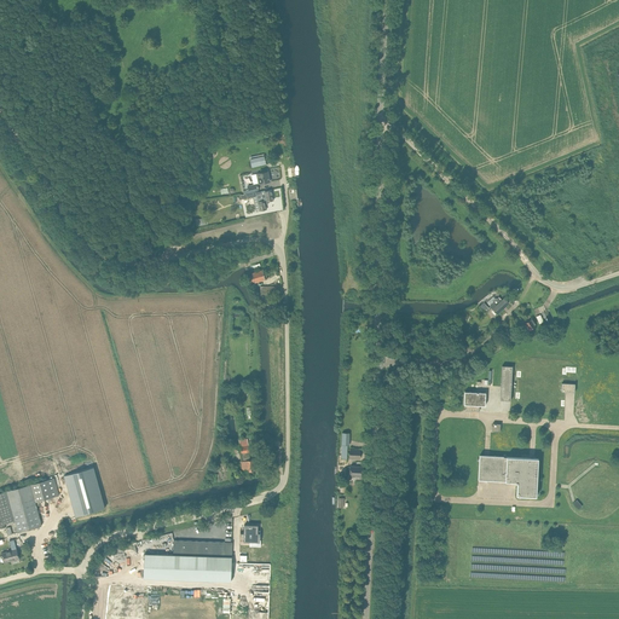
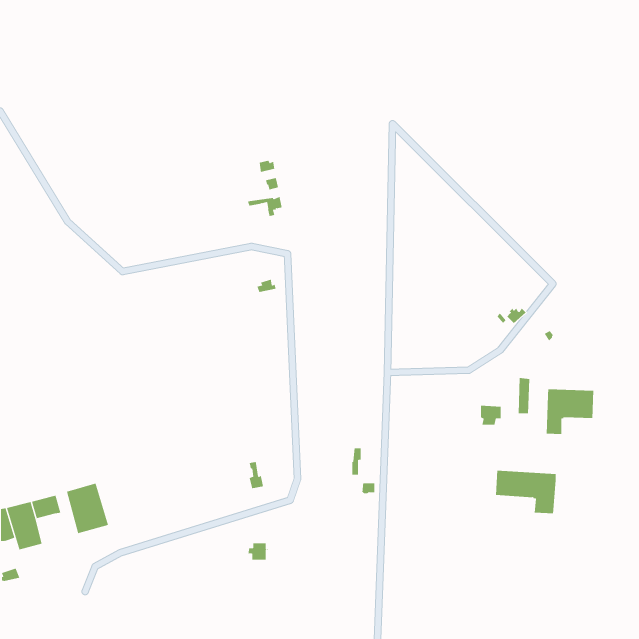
building: none -> [546,389,594,435]
building: [144,540,232,582] -> none

